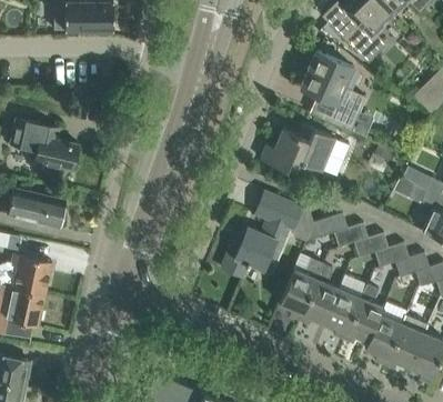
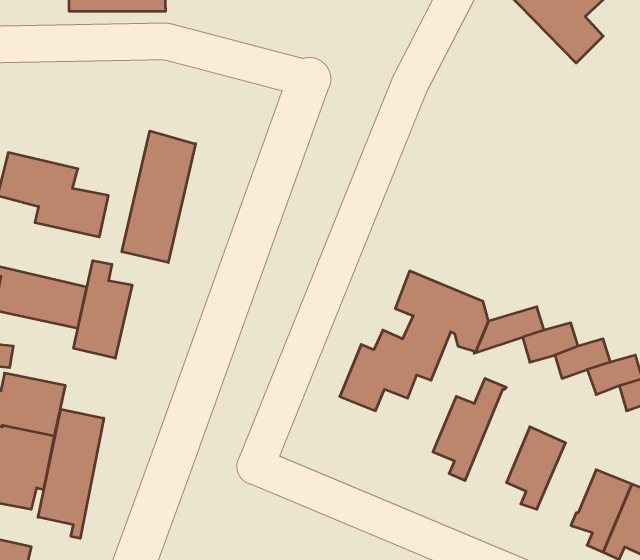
building: [300,51,364,132] -> none
building: none -> [122,131,196,263]
building: [260,123,349,175] -> none
building: none -> [74,261,132,358]
building: [299,264,339,324] -> none
building: none -> [38,409,104,538]
building: [343,283,383,343] -> none

